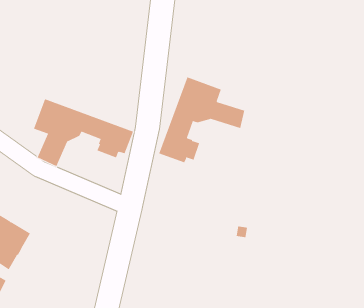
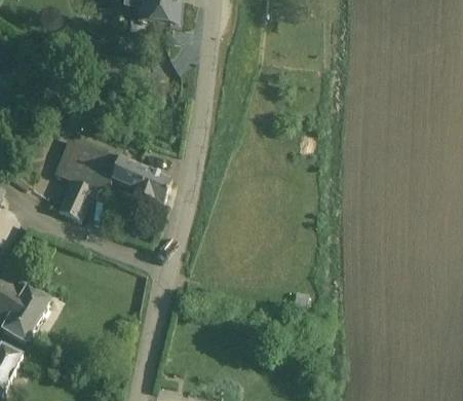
building: [159,77,245,163] -> none

